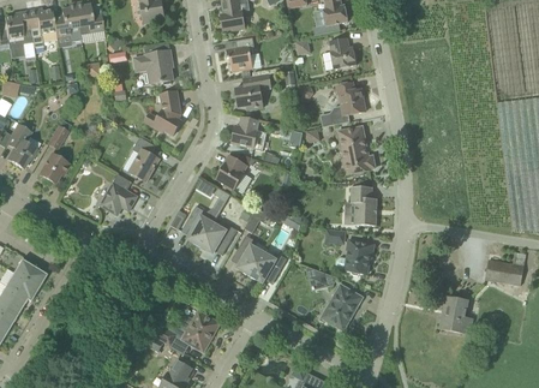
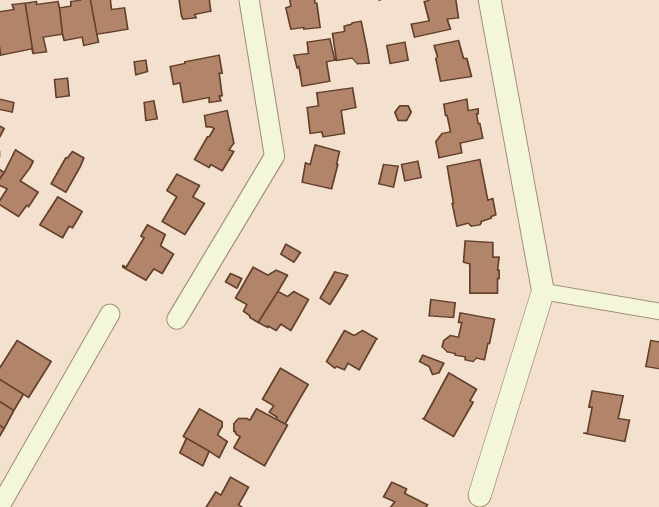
building: none -> [332,21,369,64]
building: [216,155,247,190] -> none
building: [233,234,266,275] -> [262,368,308,424]

